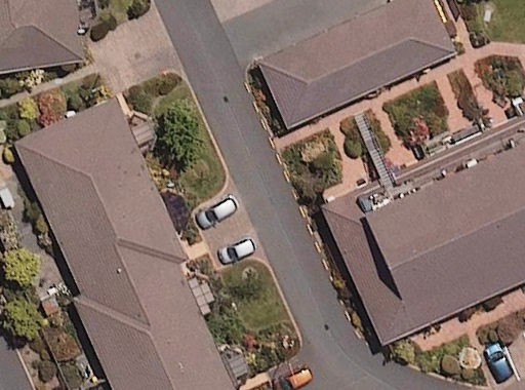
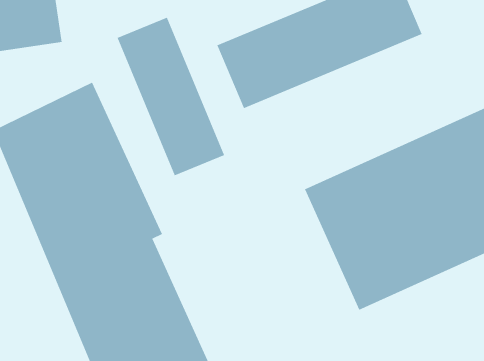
building: none -> [117,17,225,176]

